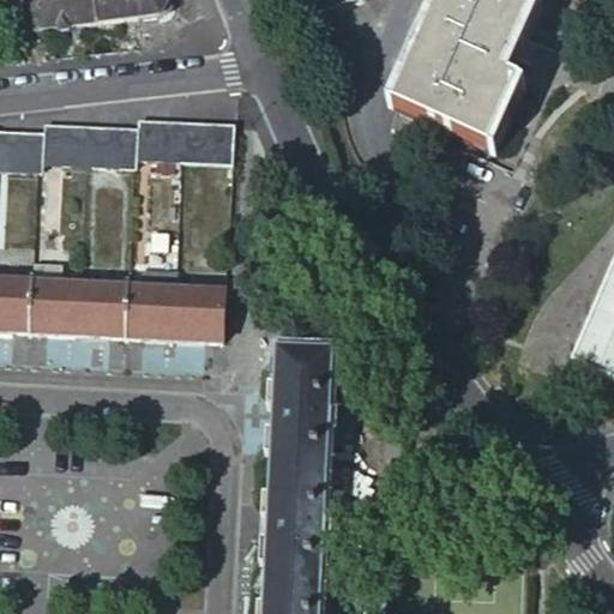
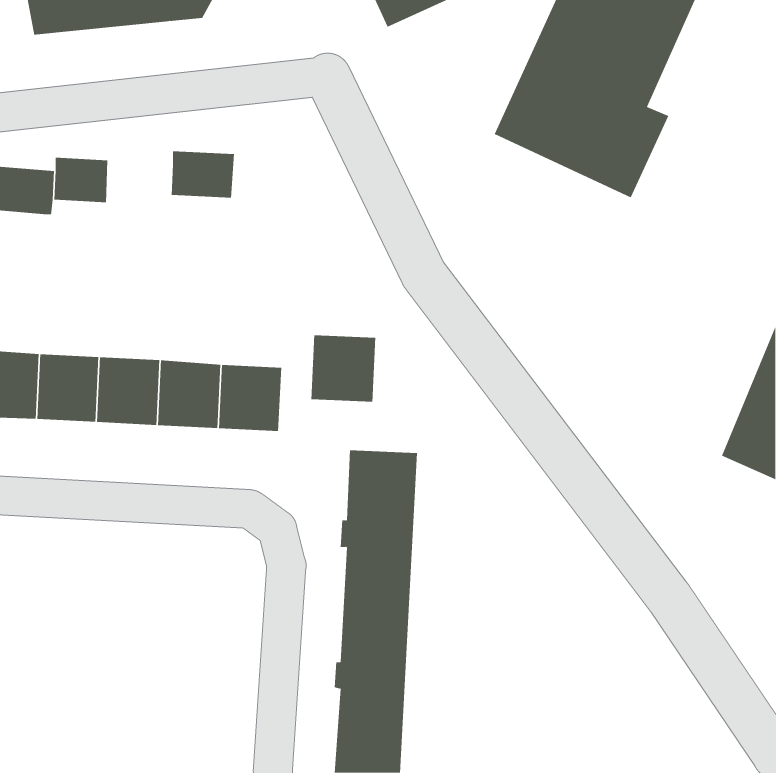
building: [182,121,233,158] -> none
building: [84,126,136,163] -> none
building: none -> [311,334,376,402]

